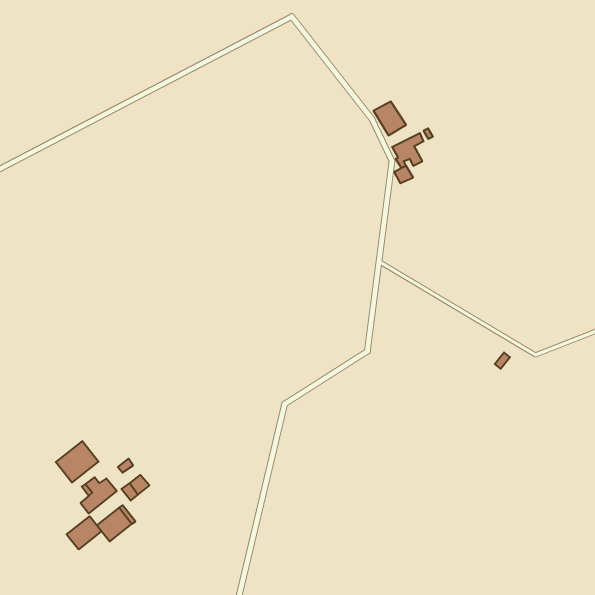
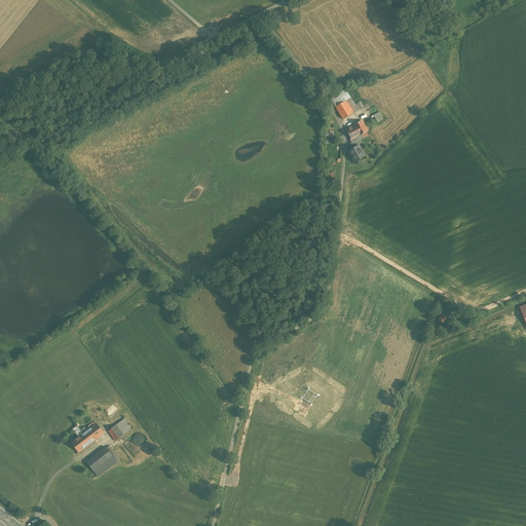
building: [56,441,99,483] -> none
building: [67,516,102,549] -> none

